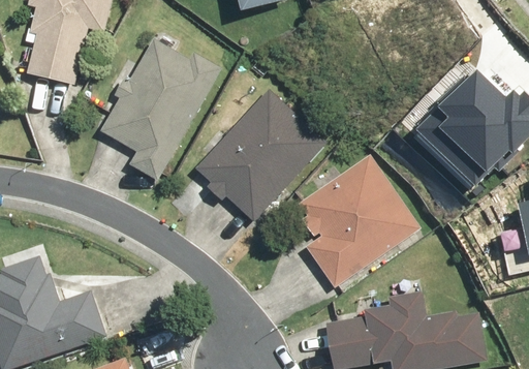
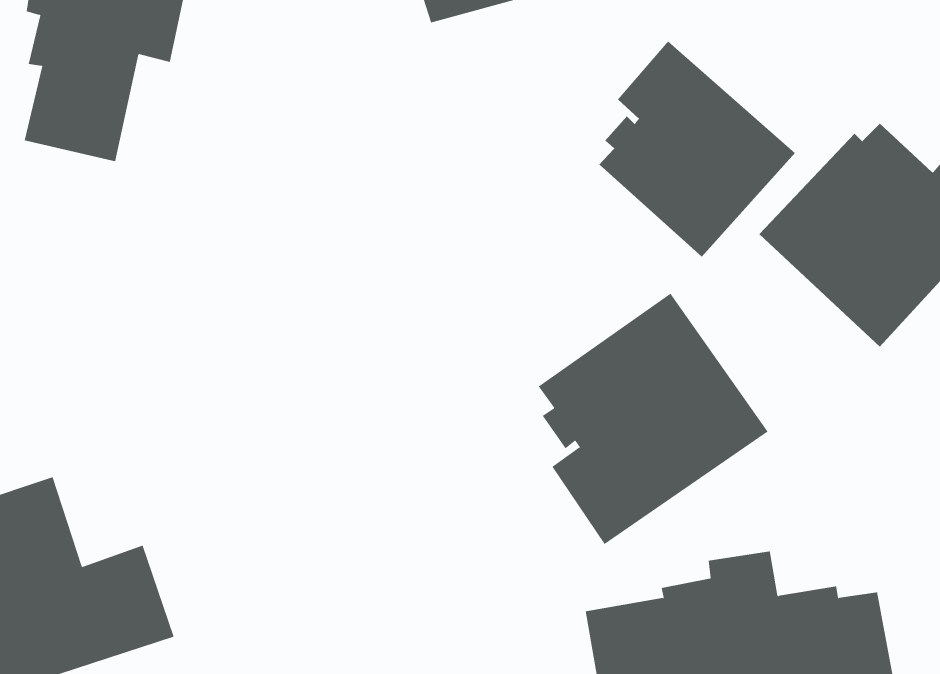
building: none -> [599,40,796,257]
building: [100,40,221,182] -> none
building: [193,89,325,224] -> none

